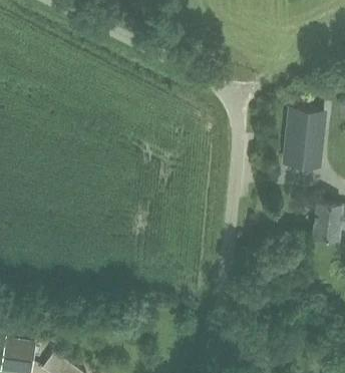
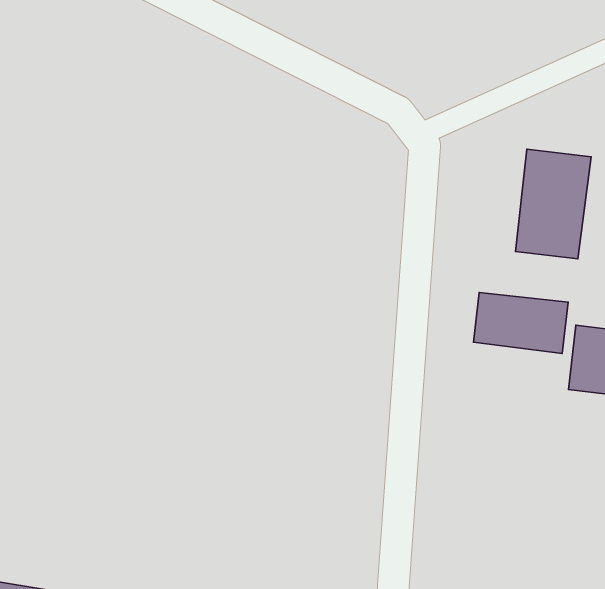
building: none -> [473,293,568,353]

